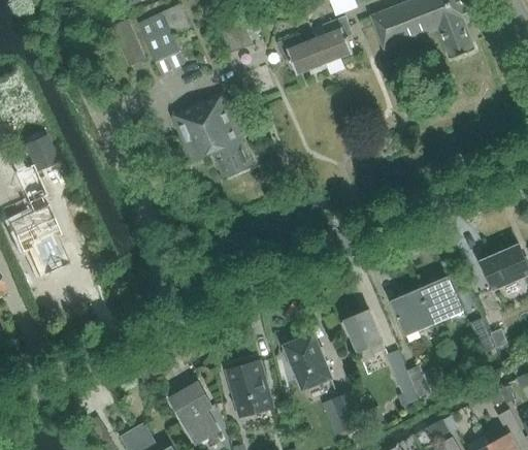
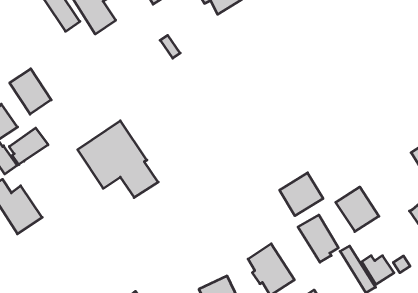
building: [170,91,252,176] -> [78,121,158,198]
building: none -> [10,69,51,114]
building: none -> [9,128,48,165]
building: none -> [280,173,323,216]
building: [419,276,462,323] -> none

